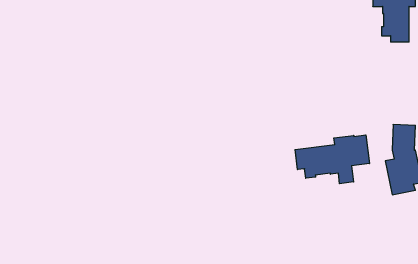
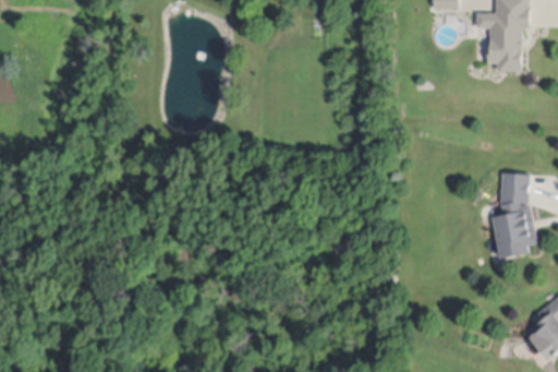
building: [295,135,369,184] -> none

